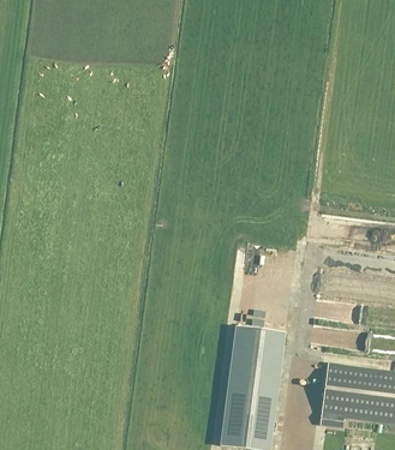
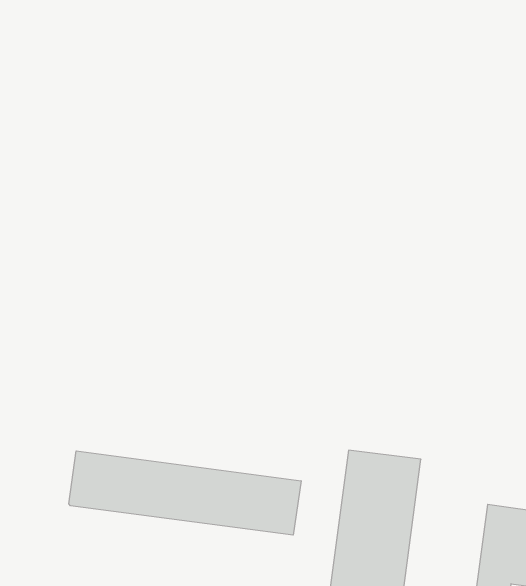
building: none -> [69,451,301,535]

